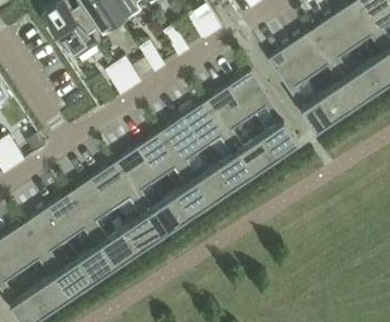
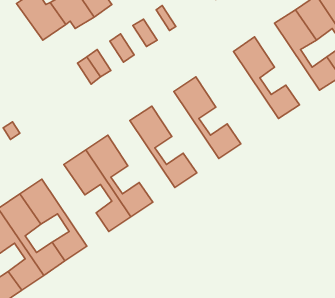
building: [291,32,358,117] -> none
building: [229,72,299,158] -> none
building: [184,103,253,188] -> none
building: [138,134,208,219] -> none
building: [69,180,139,265] -> none

